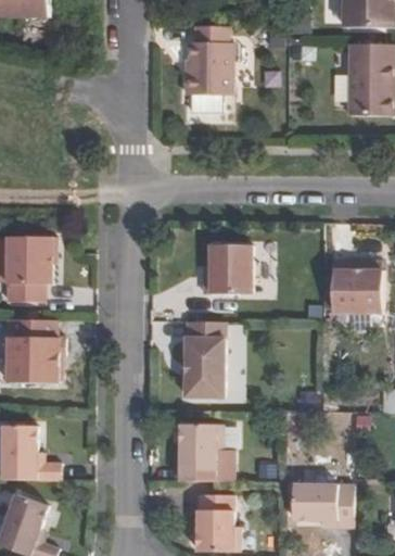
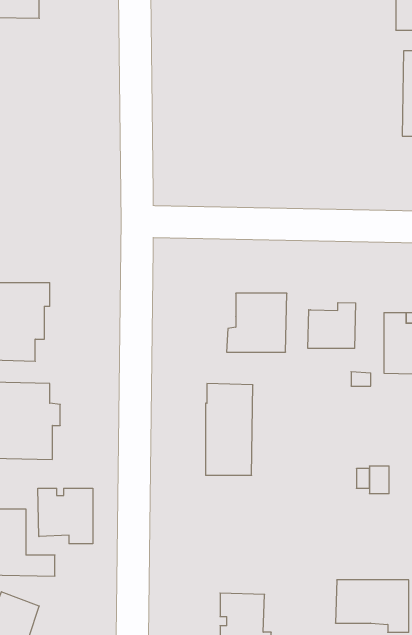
building: [183,26,231,96] -> none
building: none -> [308,303,356,348]
building: none -> [38,488,93,544]
building: [179,424,221,481] -> none

